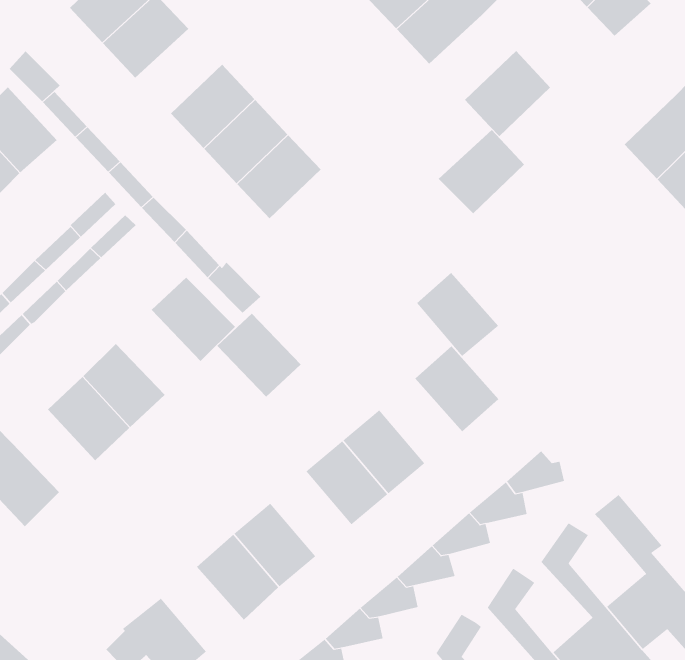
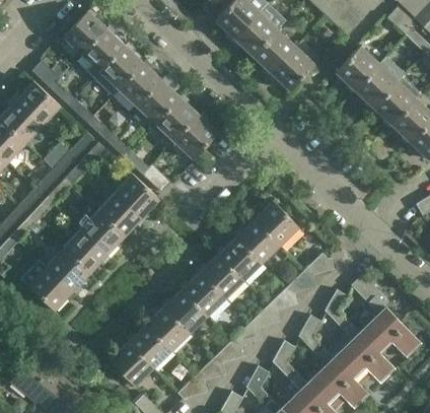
building: none -> [91,45,143,97]
building: none -> [335,46,379,91]
building: [438,129,525,214] -> [250,28,295,73]
building: none -> [172,114,217,158]
building: [416,272,499,357] -> [235,219,279,263]
building: [217,313,301,398] -> [96,192,141,235]
building: none -> [46,247,89,289]
building: none -> [182,271,224,315]
building: none -> [128,324,171,367]

